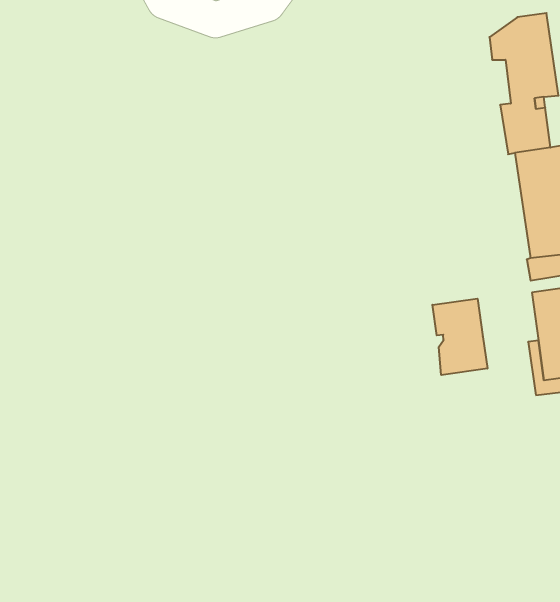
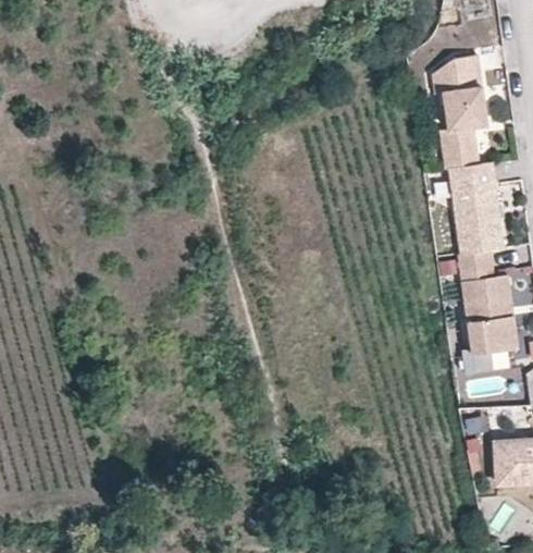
building: [432,299,487,375] -> none

